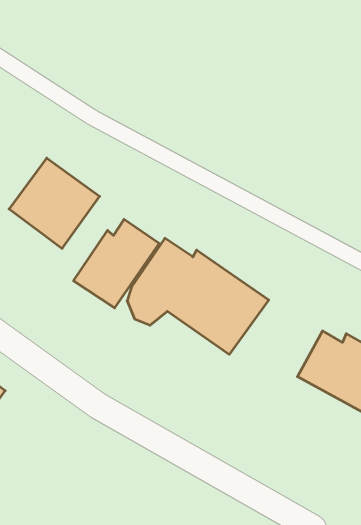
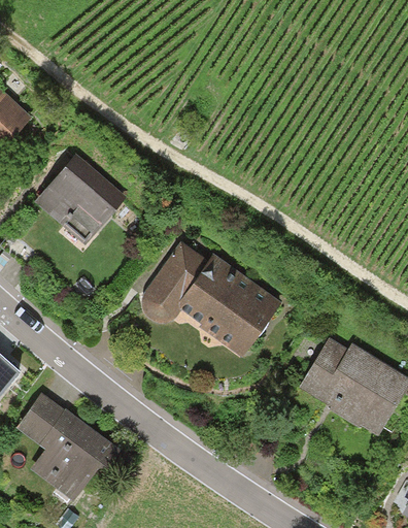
building: [74,219,159,308] -> none
building: none -> [20,395,120,492]

